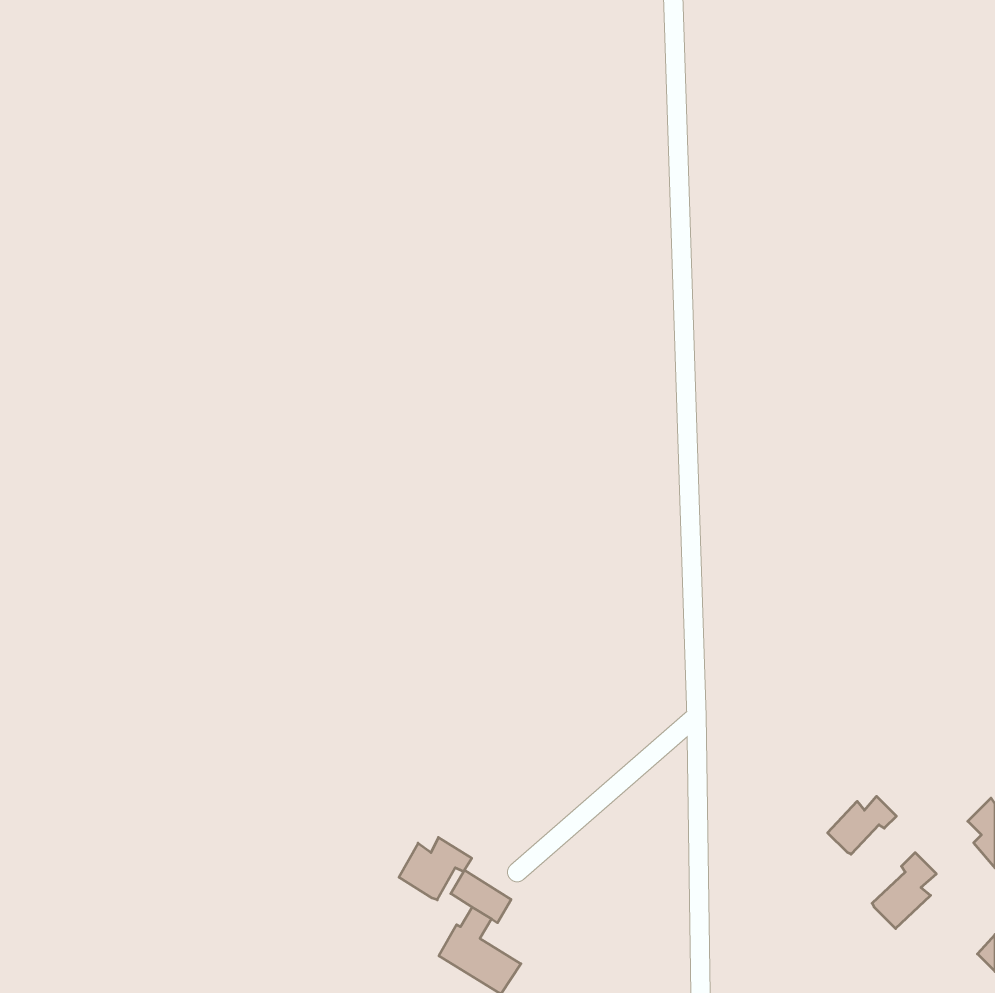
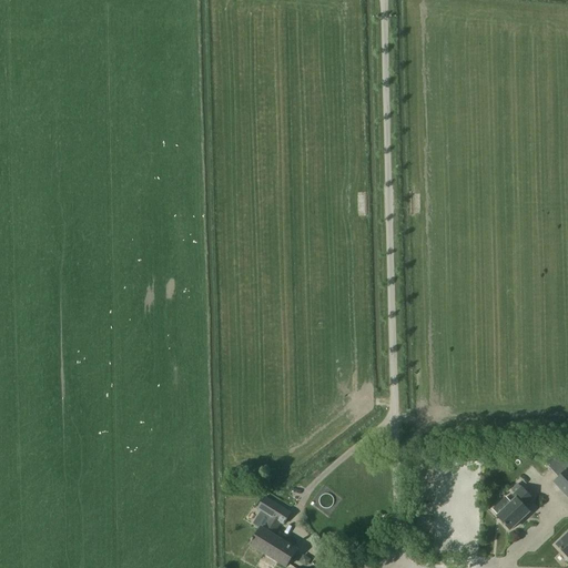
building: [828,796,896,854] -> none
building: [399,837,472,900] -> none

